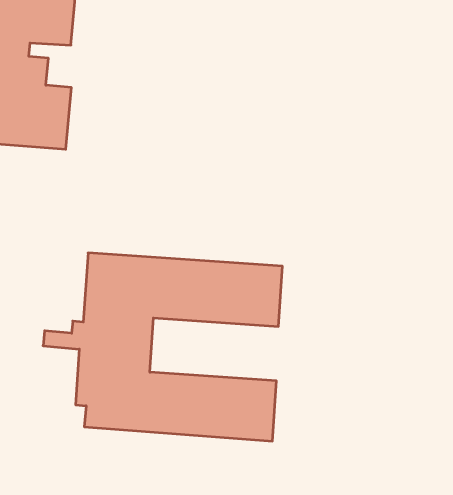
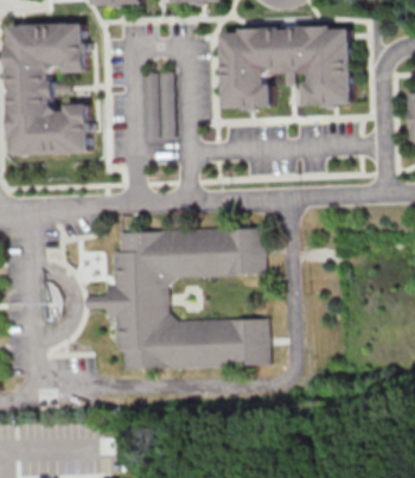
building: none -> [222,26,353,108]
building: none -> [140,72,170,139]

